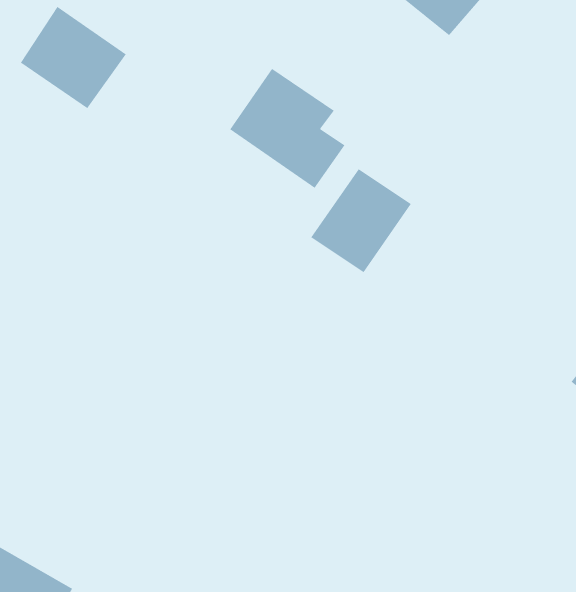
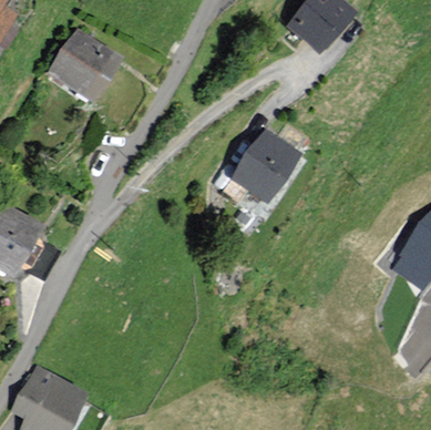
building: [229,68,346,189] -> none

